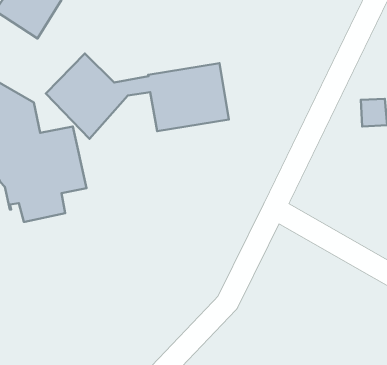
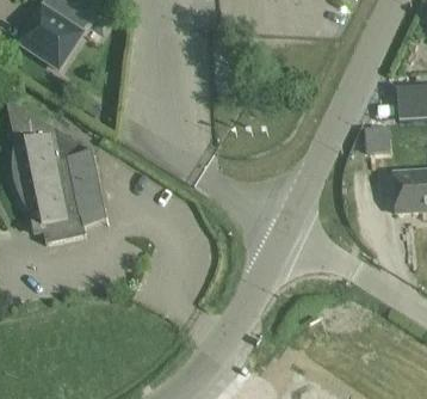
building: [46,53,229,139] -> none

